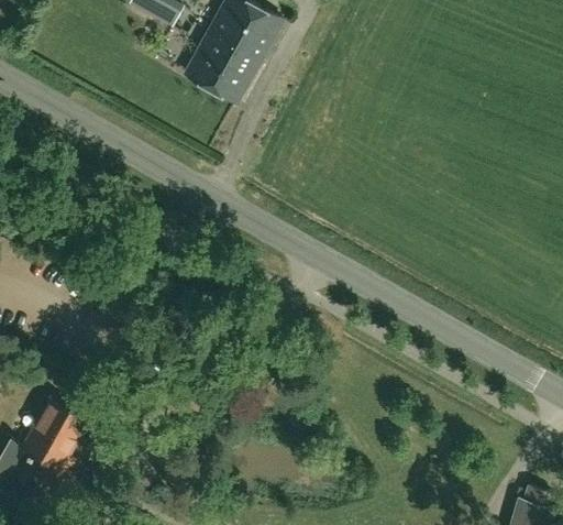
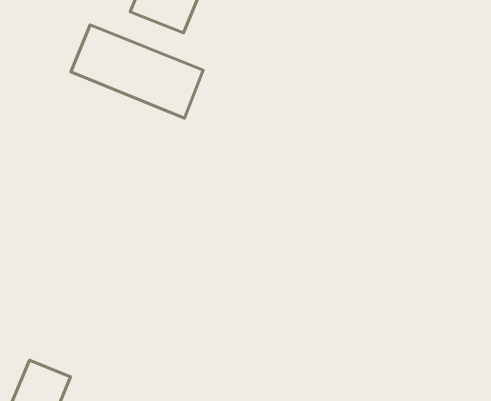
building: none -> [71,25,203,118]

